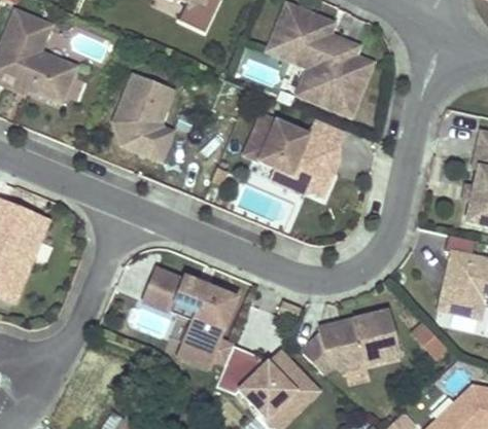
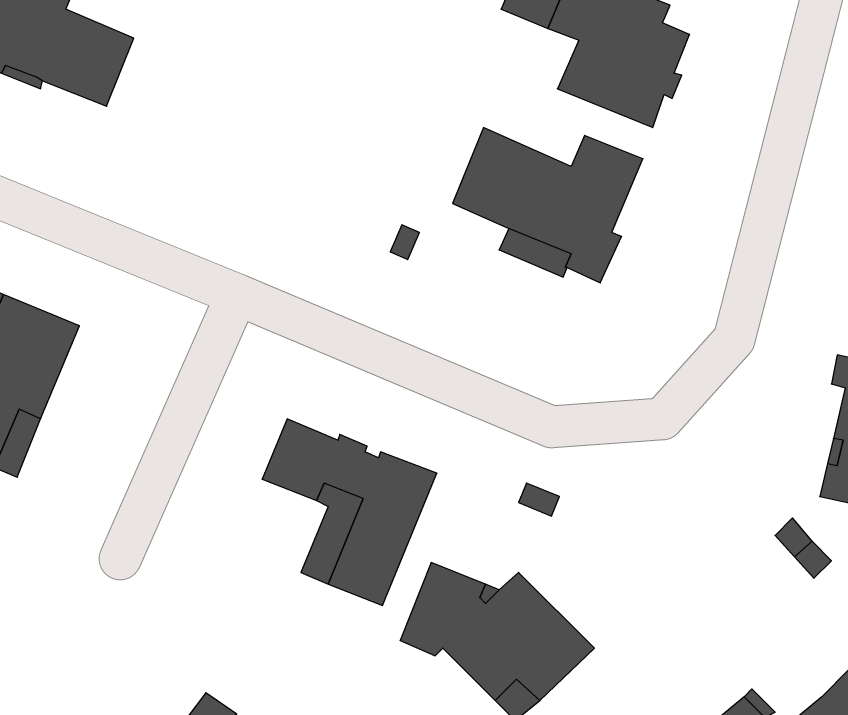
building: [114,73,172,157] -> none
building: [302,309,400,371] -> none

